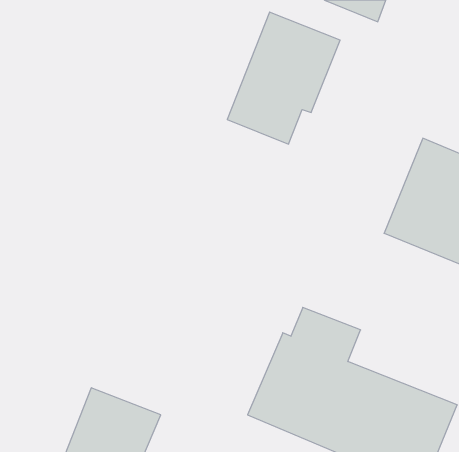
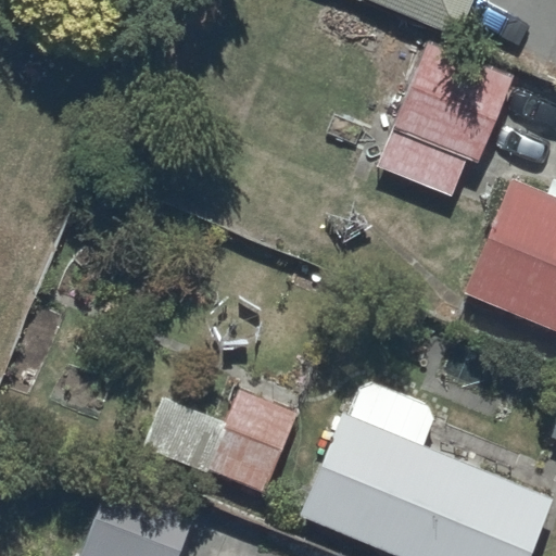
building: [227,12,340,144] -> [377,41,513,200]
building: none -> [143,390,296,496]

